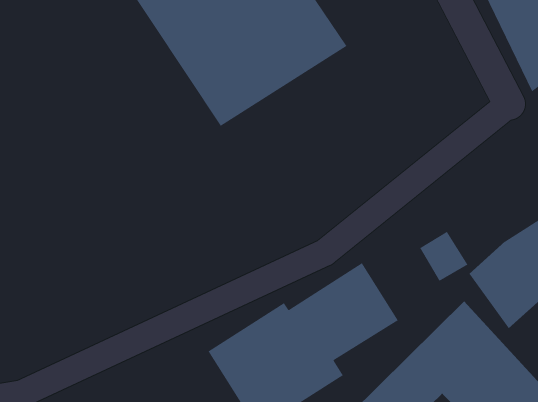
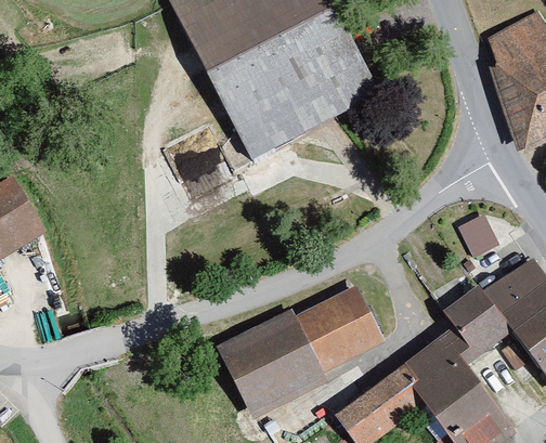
building: [419,231,468,282] -> [458,214,499,258]

